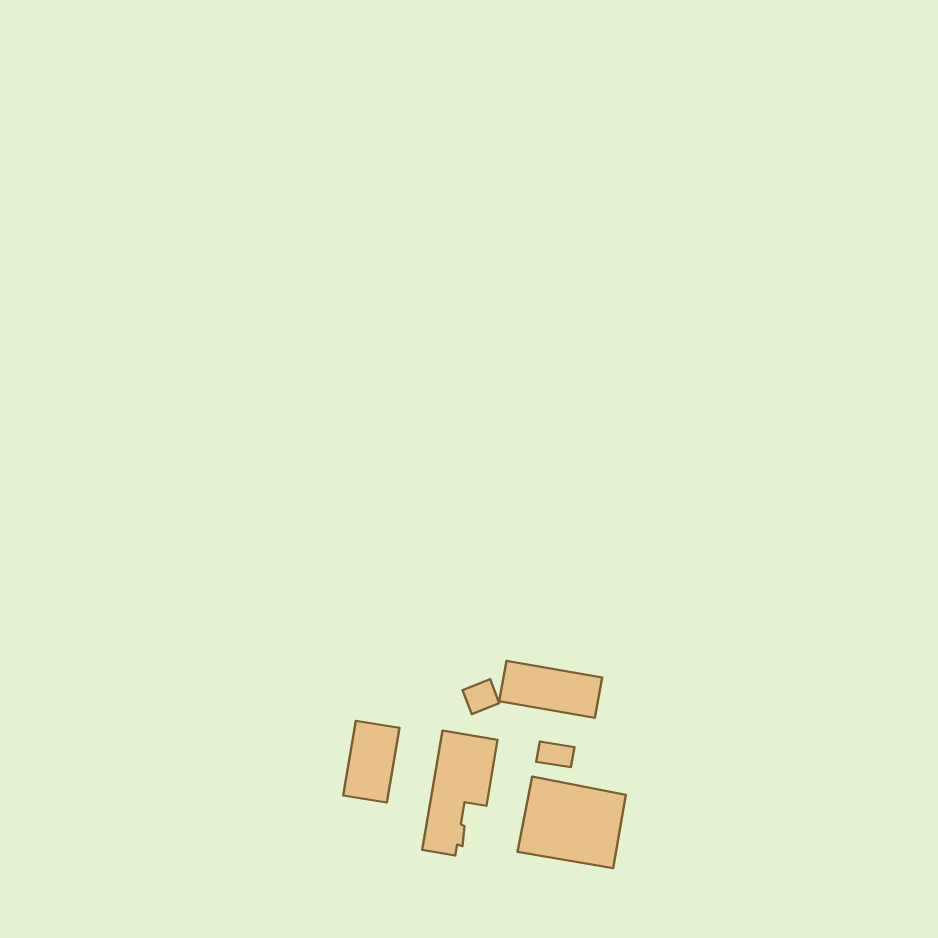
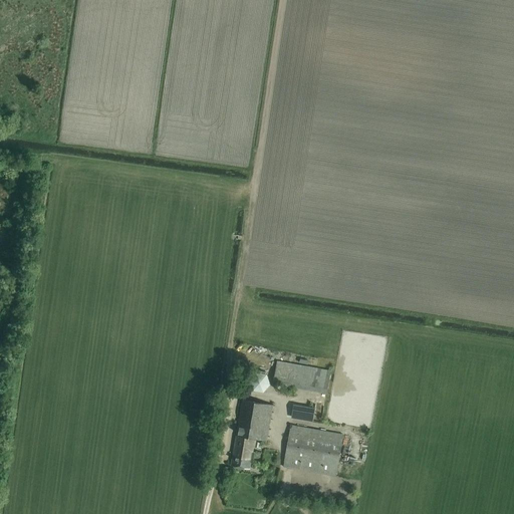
building: [343,721,399,803] -> none

